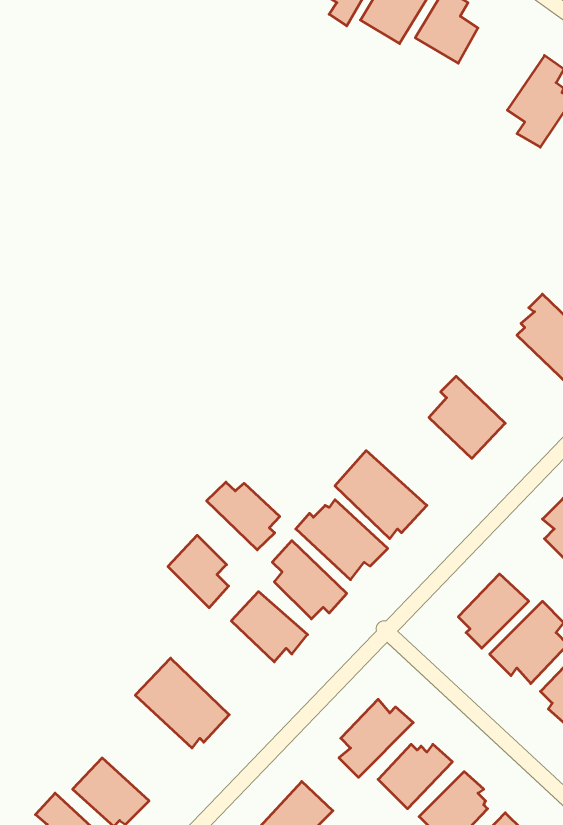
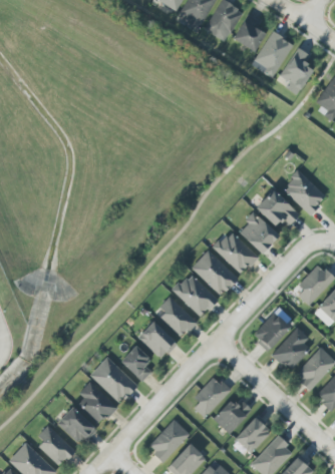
building: none -> [252,31,294,77]
building: none -> [256,188,300,224]
building: none -> [212,232,259,273]
building: [207,482,280,550] -> none
building: [168,535,229,608] -> [120,345,151,382]
building: none -> [78,381,117,423]

